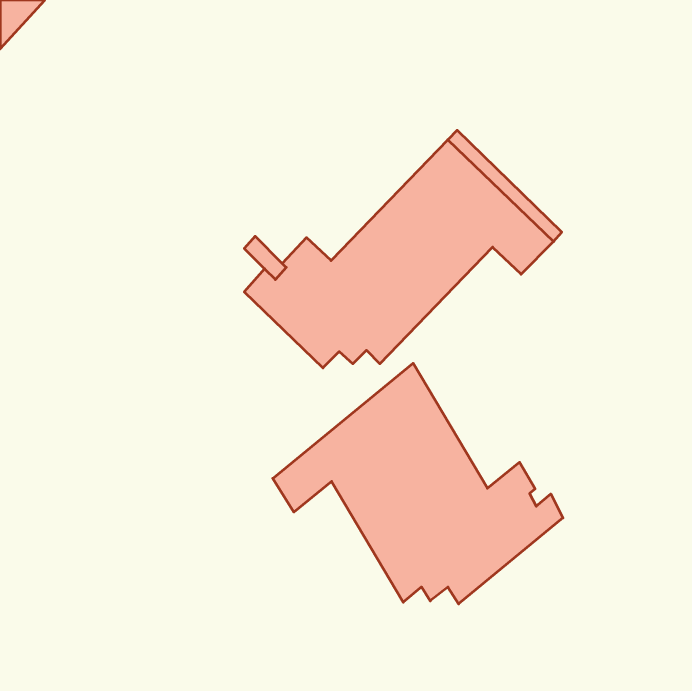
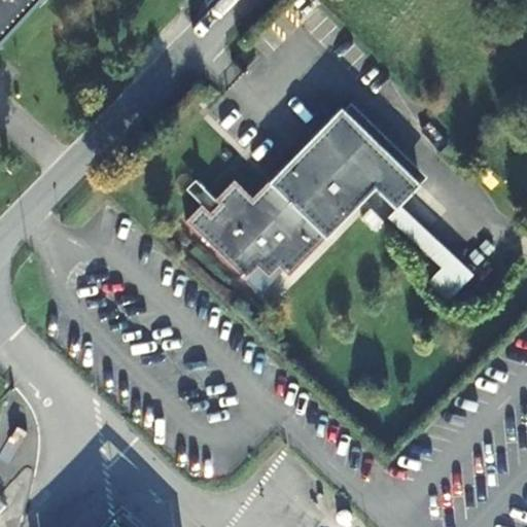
building: none -> [391,210,472,298]
building: [273,363,563,604] -> none

